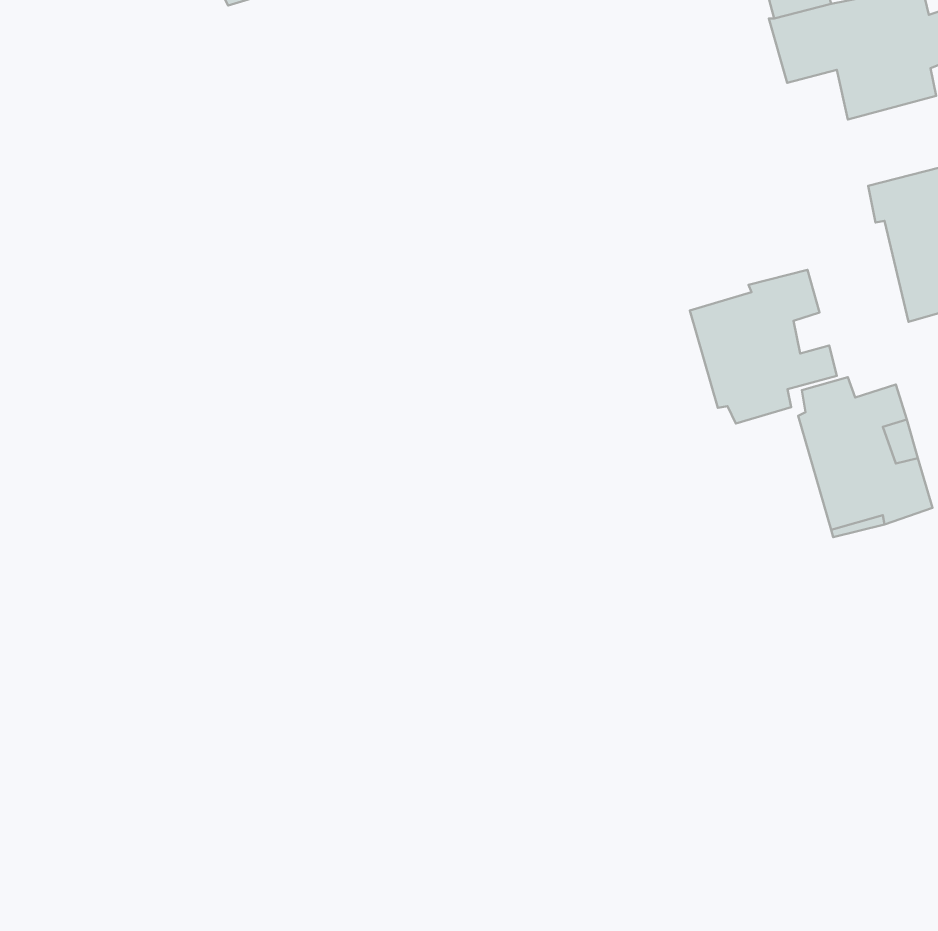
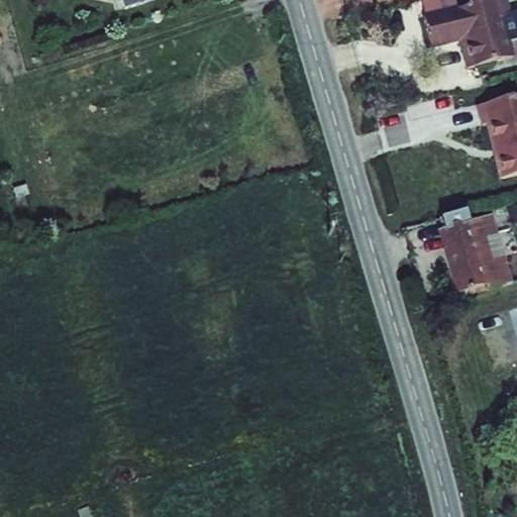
building: [690,270,837,424] -> none

